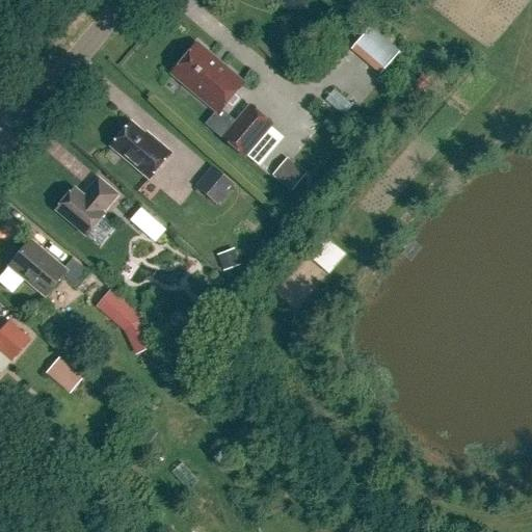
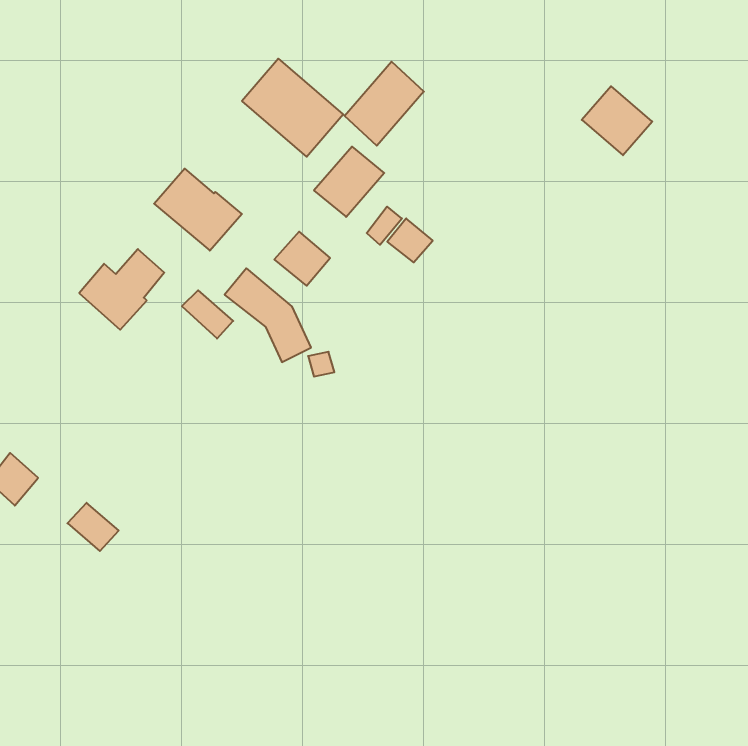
building: [350,23,400,72] -> [582,86,652,155]
building: none -> [344,62,424,146]
building: [7,238,89,295] -> none
building: [95,288,156,354] -> [225,268,311,362]

